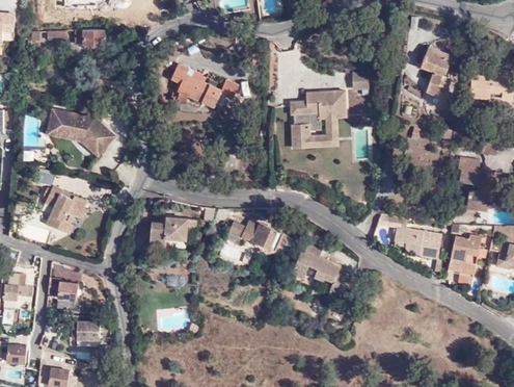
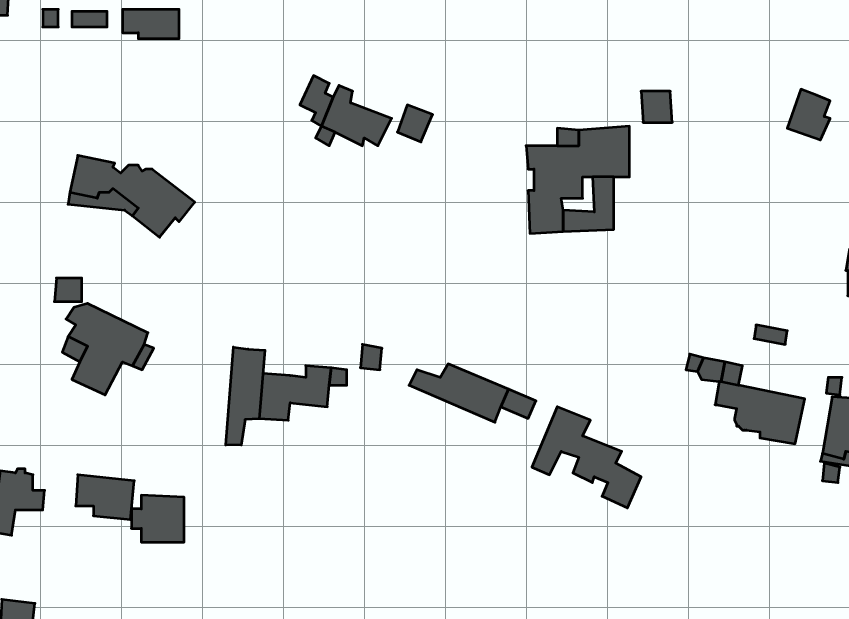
building: [422,49,451,75] -> none
building: none -> [226,347,265,445]
building: [73,322,101,347] -> [131,495,184,542]

